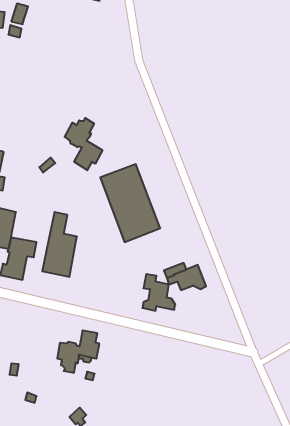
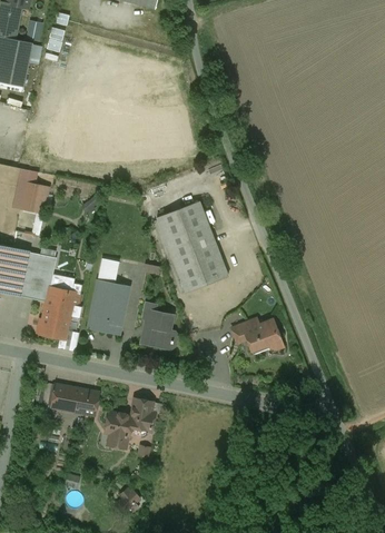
building: [65,118,102,170] -> none
building: [142,274,175,311] -> [140,303,179,346]
building: none -> [50,384,98,416]

